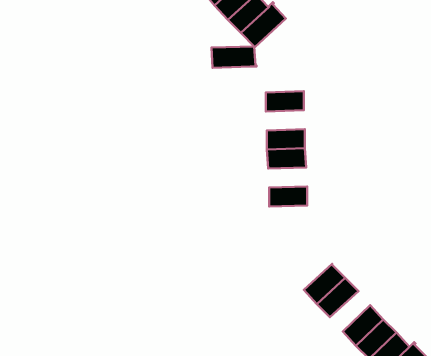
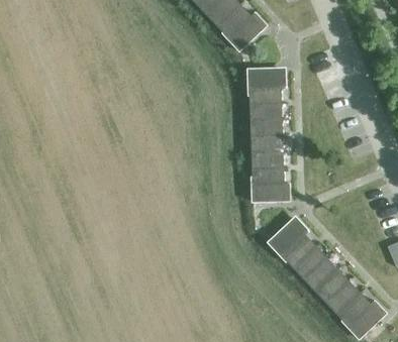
building: [211,46,257,68] -> [248,70,287,88]
building: none -> [250,103,283,120]
building: none -> [252,151,285,168]
building: none -> [253,183,290,201]
building: none -> [271,218,310,255]
building: none -> [304,256,338,291]

